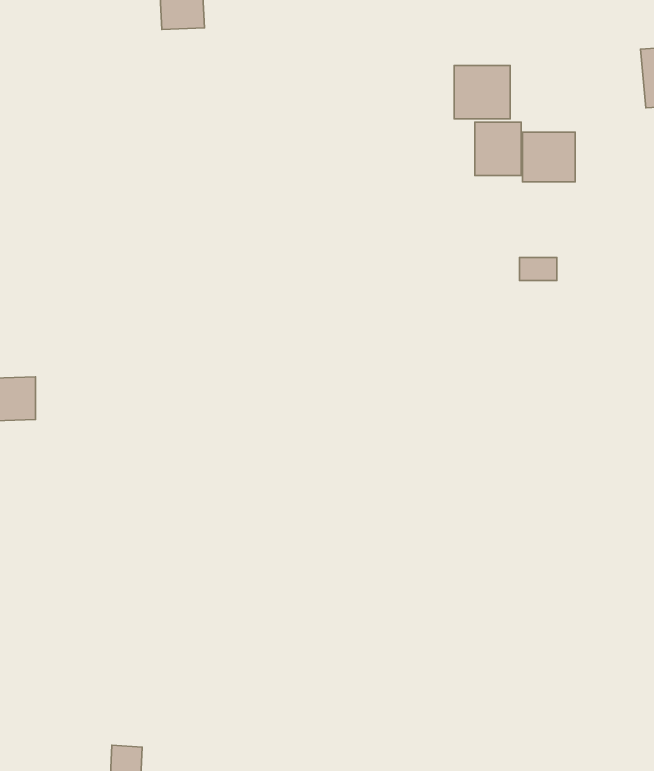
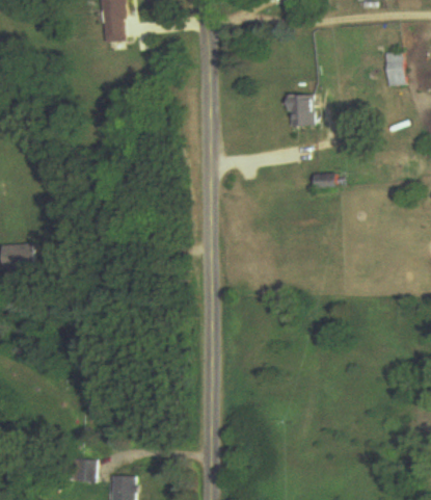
building: [454,65,510,119] -> none
building: [523,132,575,182] -> none

